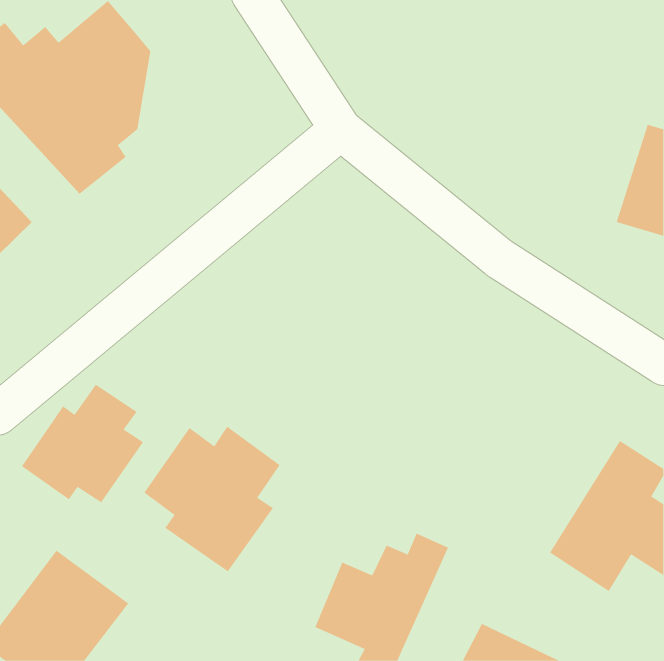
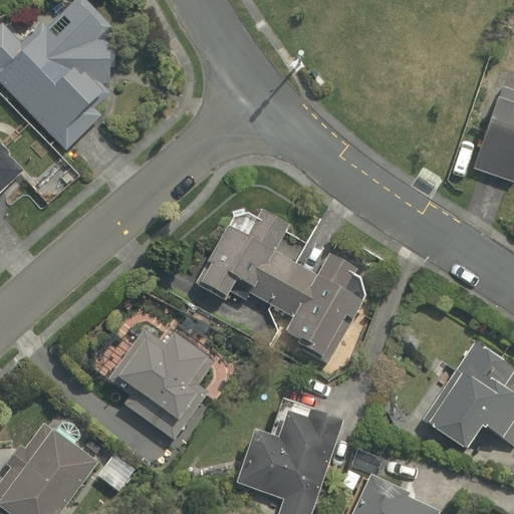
building: none -> [199,215,365,351]
building: [21,384,144,503] -> none

